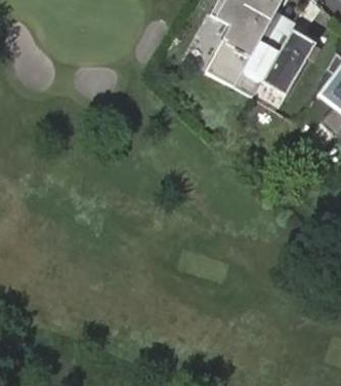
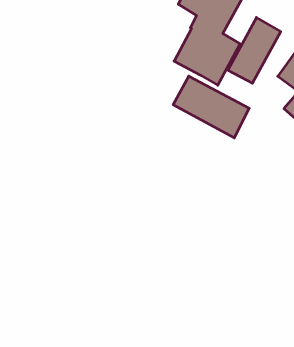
building: none -> [173,76,249,138]

